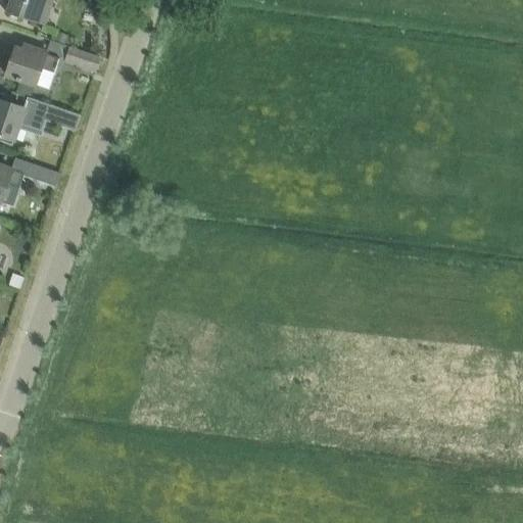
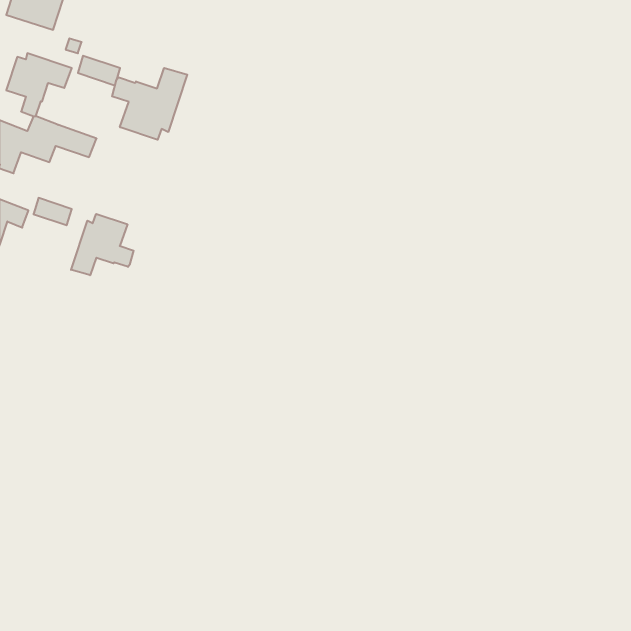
building: none -> [112,68,187,140]
building: none -> [71,214,134,275]

